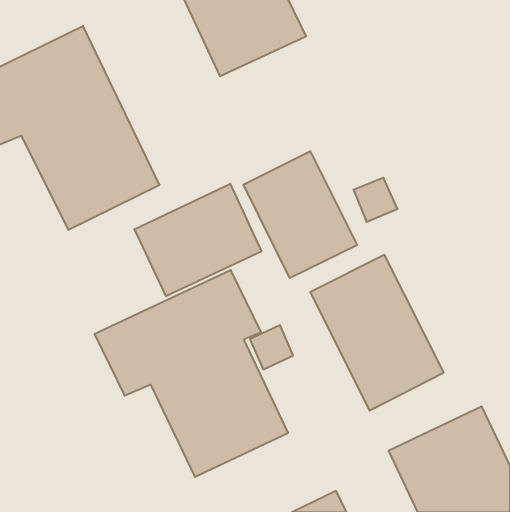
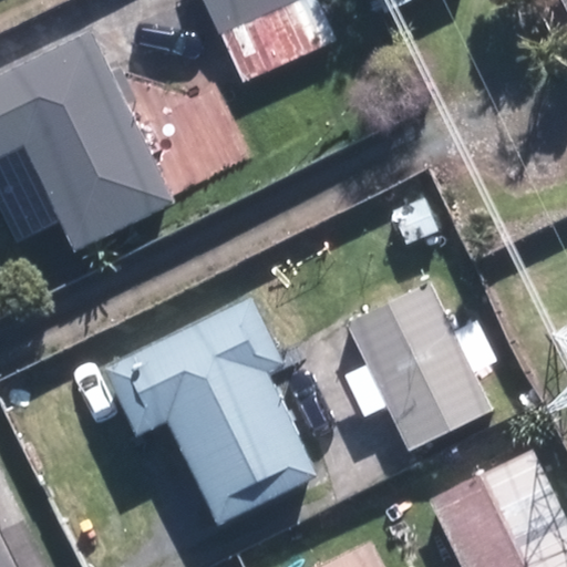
building: [243,151,357,278] -> none
building: [134,184,261,296] -> none

